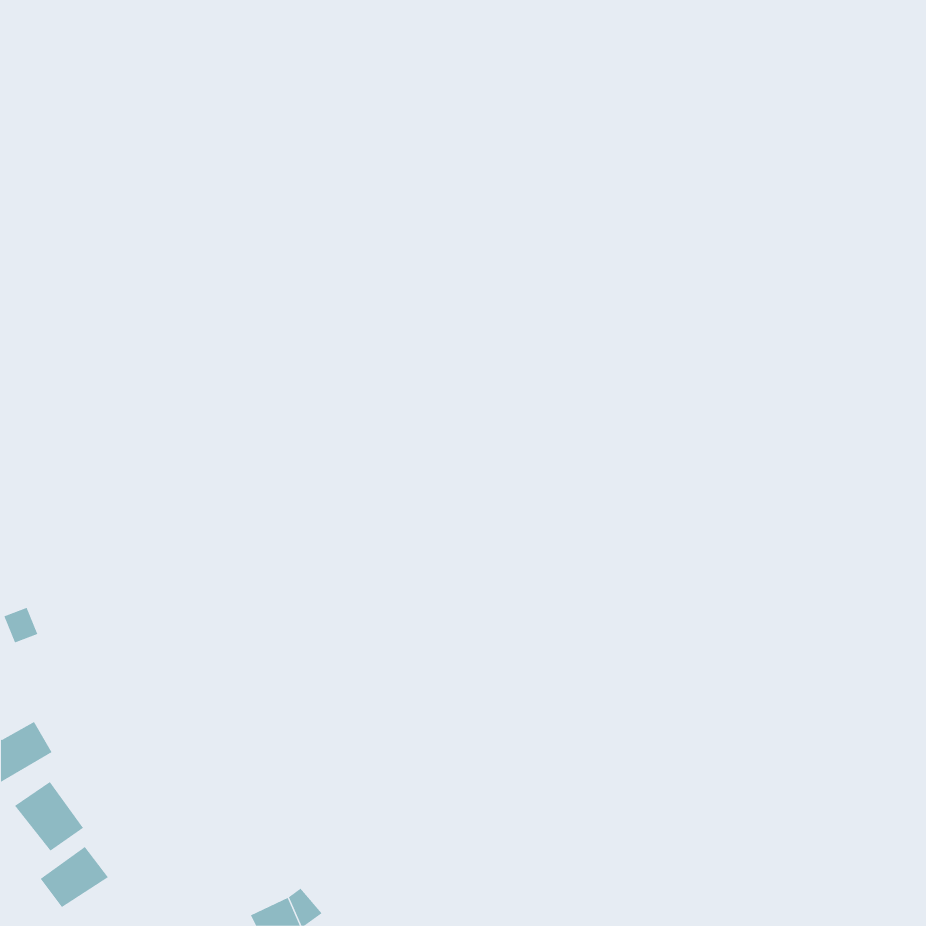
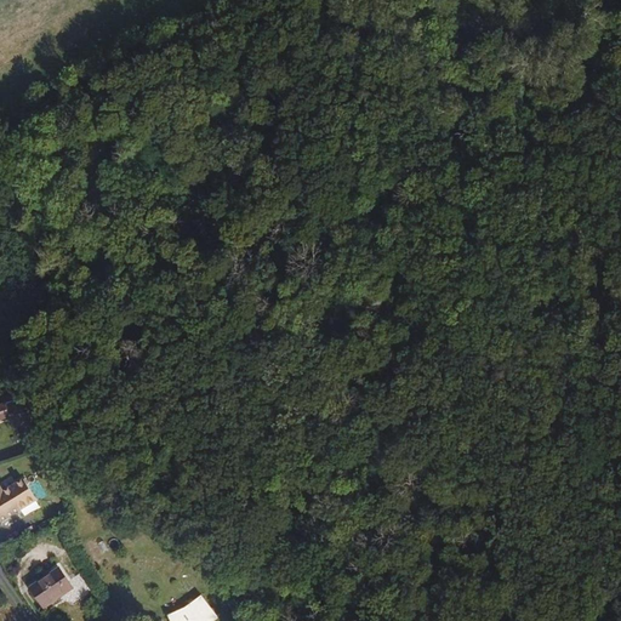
building: [14,781,84,851] -> none

